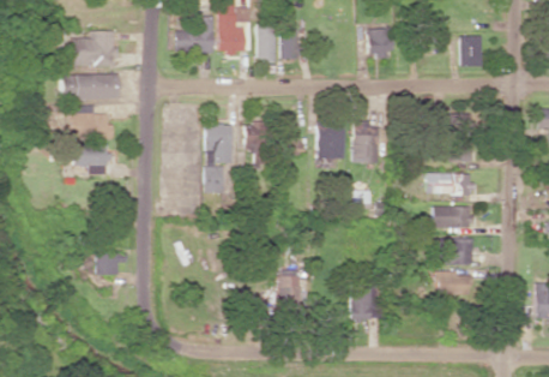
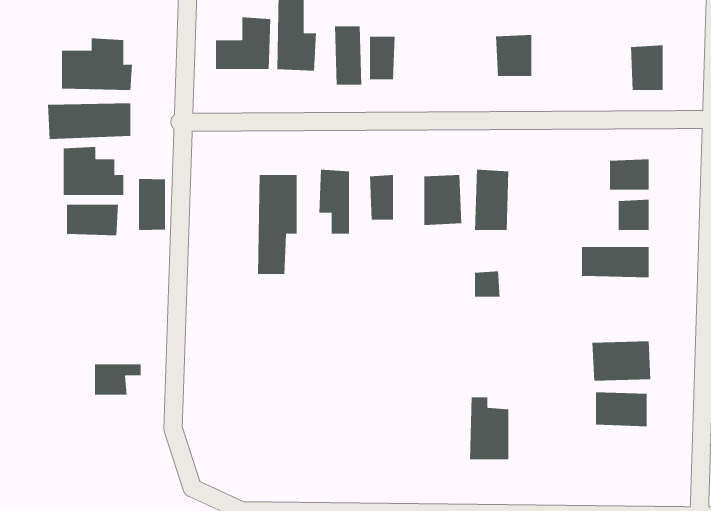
building: none -> [138,178,165,231]
building: [433,207,472,227] -> none
building: [278,275,302,309] -> none

